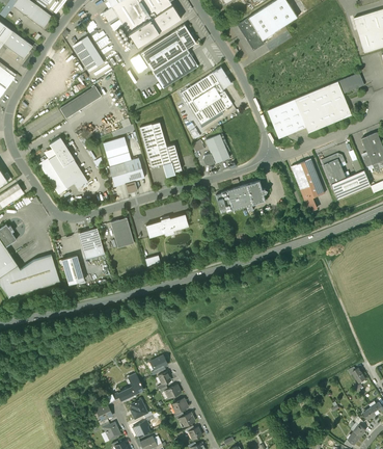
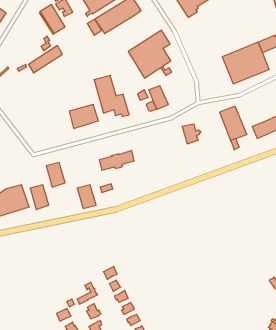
building: [152,49,198,88] -> none
building: [268,99,306,138] -> none
building: [38,136,87,194] -> none
building: [102,137,131,165] -> none
building: [321,153,347,184] -> none
building: [221,184,252,212] -> none
building: [110,218,133,247] -> [77,185,96,209]

